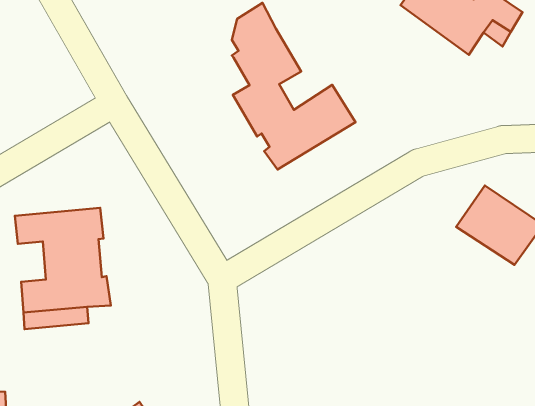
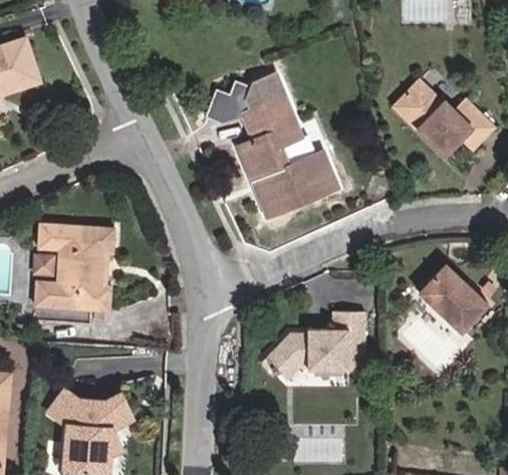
building: none -> [205,83,252,129]
building: none -> [263,312,362,382]

